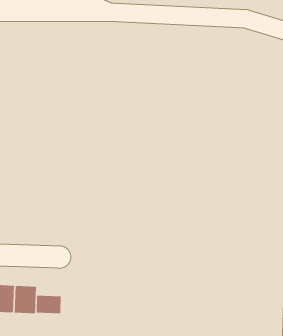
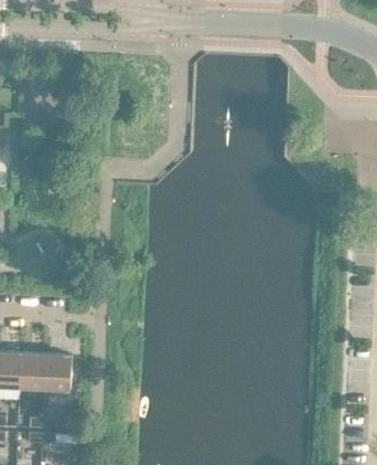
building: [36,295,61,314] -> none

